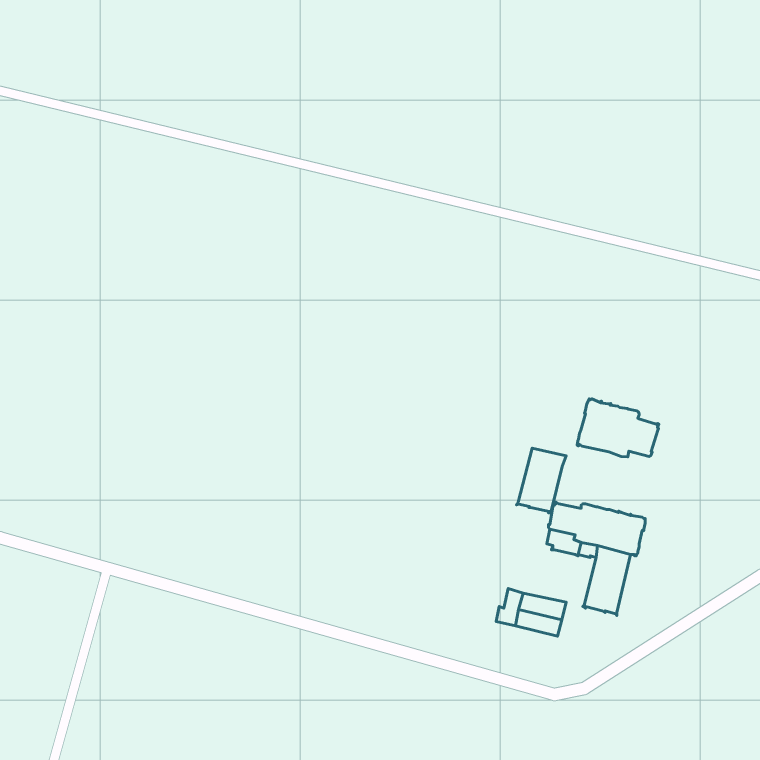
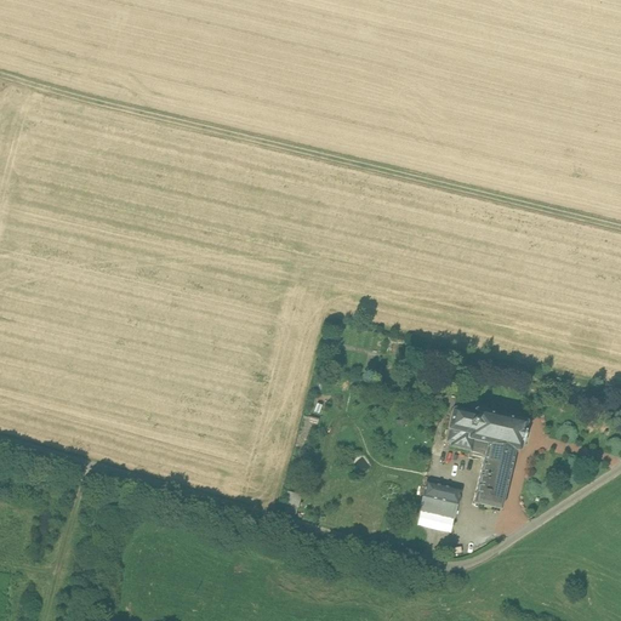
building: [577,399,659,457] -> none
building: [517,448,566,513] -> none

